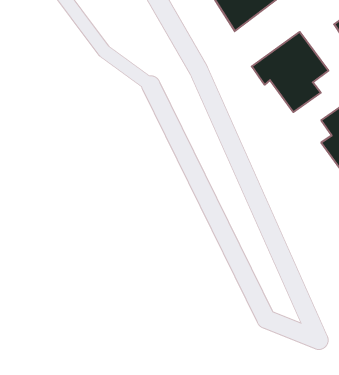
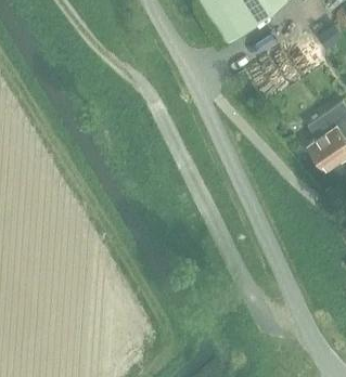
building: [252,32,328,112] -> none

